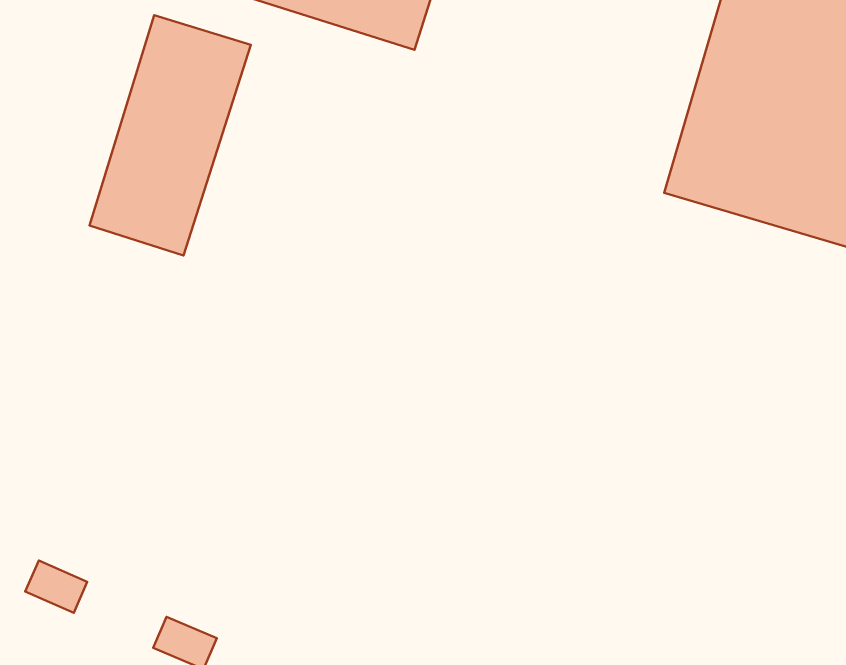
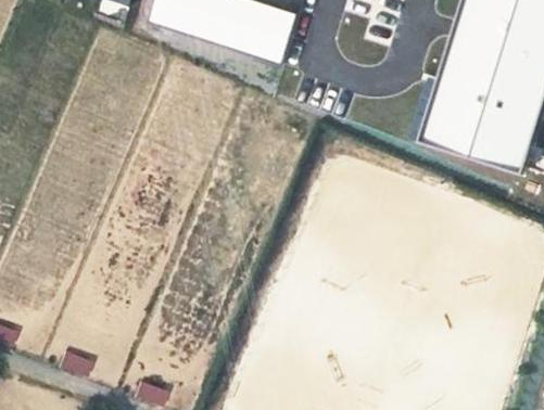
building: [90,15,251,255] -> none

